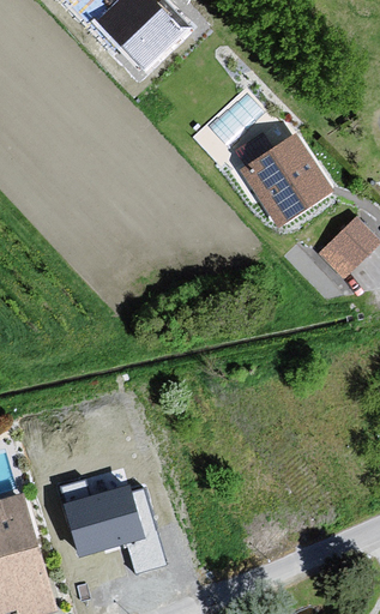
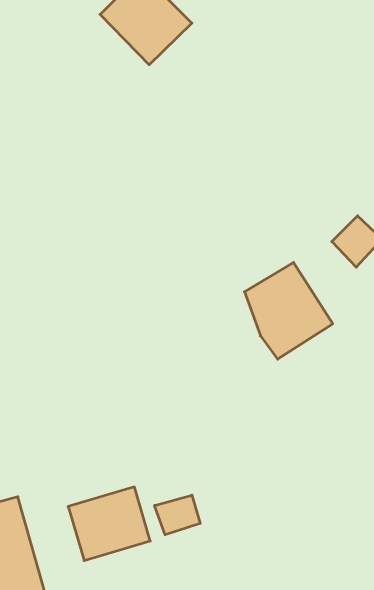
building: [241,134,327,229] -> [244,262,333,359]
building: none -> [155,495,200,535]

